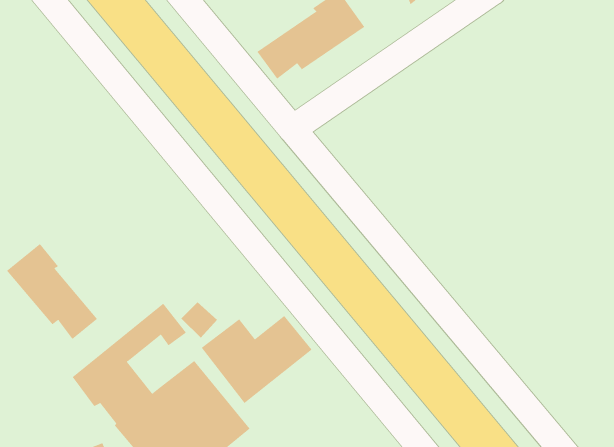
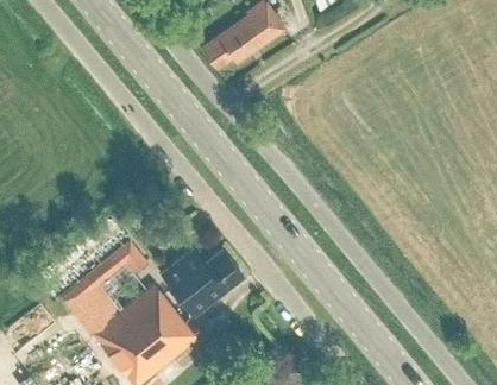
building: [6,243,98,340] -> none

